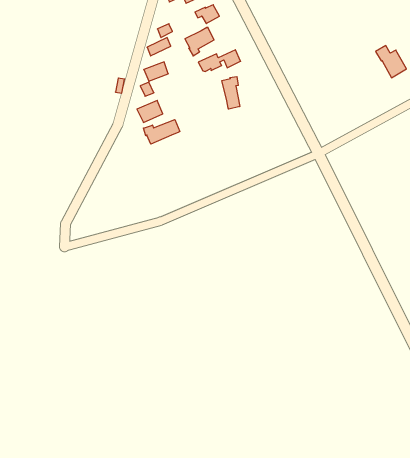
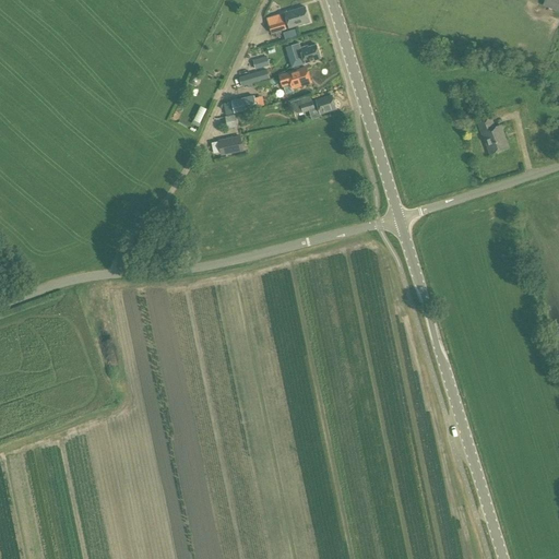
building: [222,77,240,109] -> none
building: [143,120,180,144] -> none

